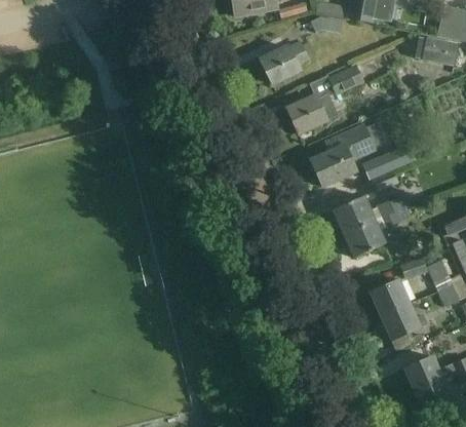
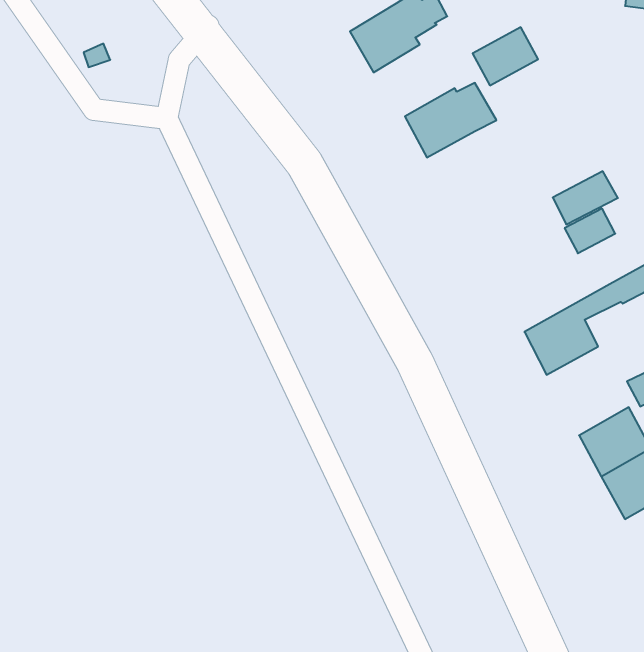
building: [309,121,387,188] -> none
building: [335,196,394,233] -> none

